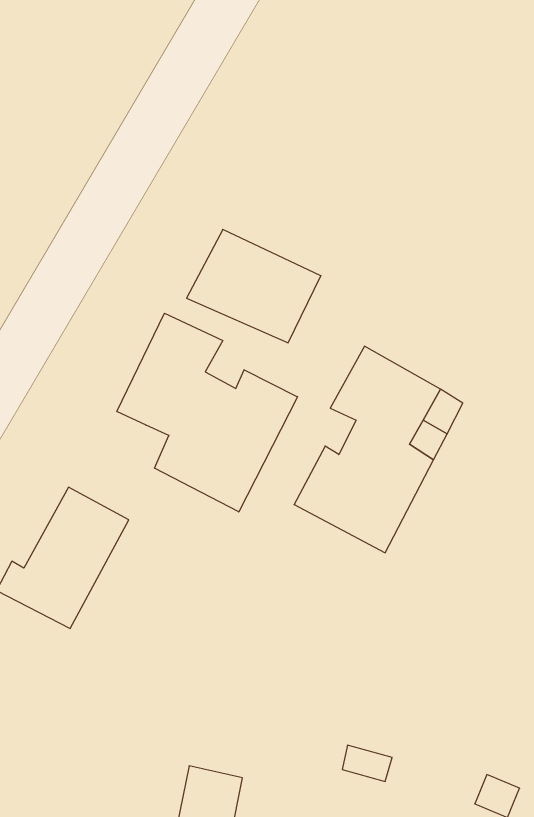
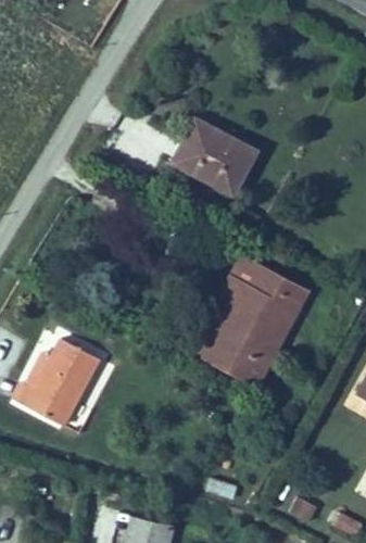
building: [187,229,321,343] -> [165,121,250,192]
building: [117,313,298,512] -> none

